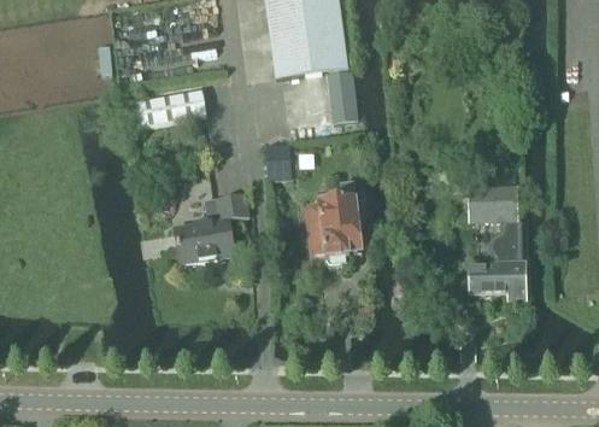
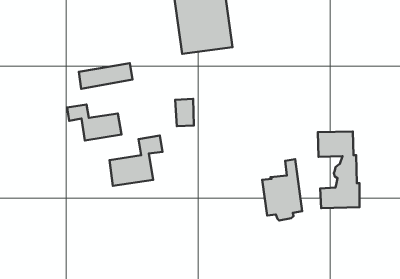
building: [327,71,357,121] -> none
building: none -> [67,104,122,141]
building: [306,182,363,269] -> [262,159,302,221]

